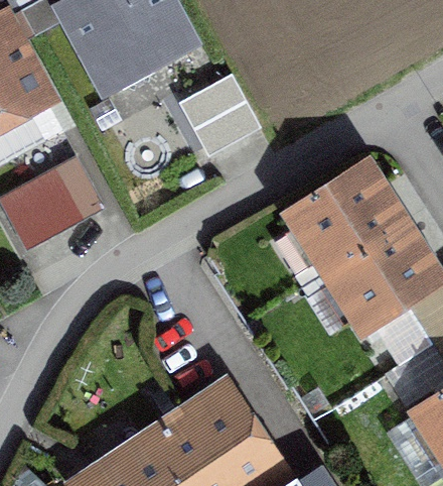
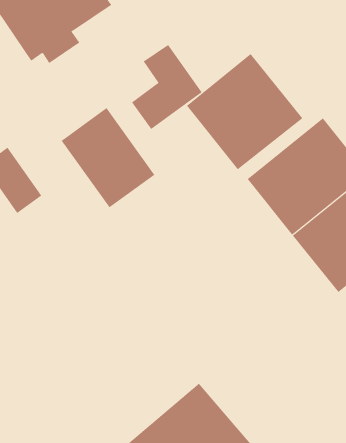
building: none -> [186,53,303,170]
building: none -> [61,107,155,208]

